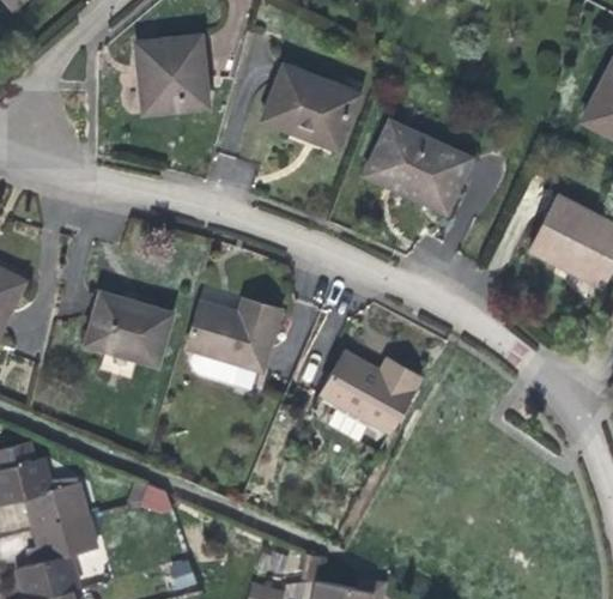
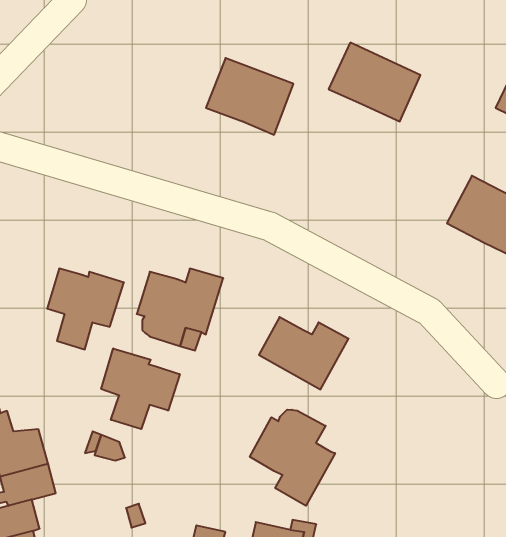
building: [136,35,207,113] -> none
building: [366,122,468,210] -> [329,43,420,121]
building: none -> [101,348,180,429]
building: none -> [250,410,335,506]

